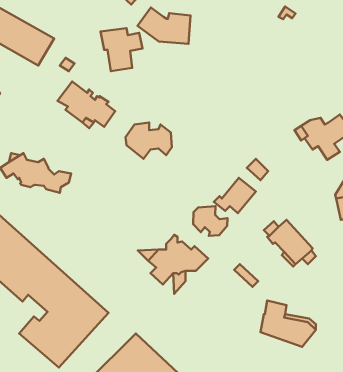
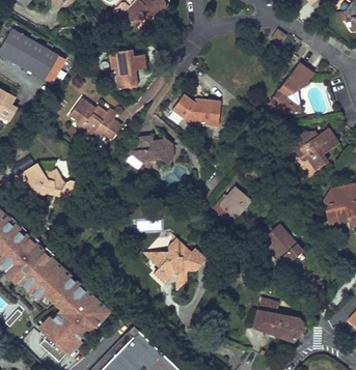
building: [137,8,191,44] -> [171,94,220,127]
building: none -> [264,63,313,116]
building: [193,206,228,236] -> none

